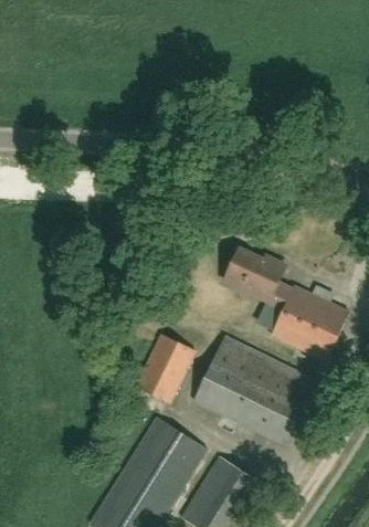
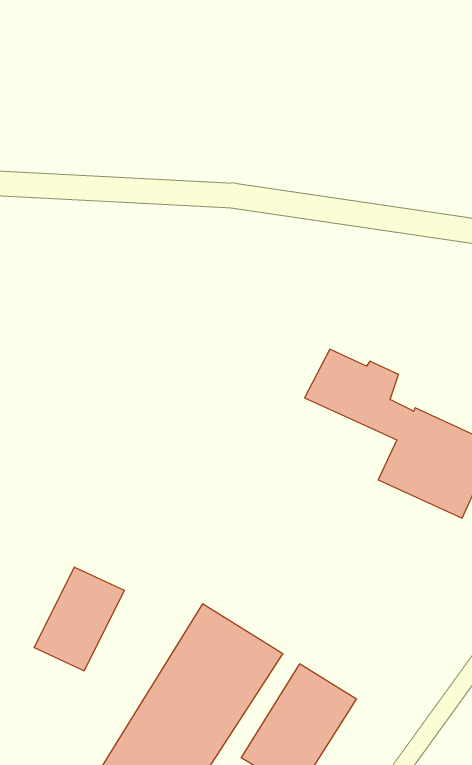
building: [135,335,194,403] -> [34,567,124,671]
building: [192,336,316,445] -> none

